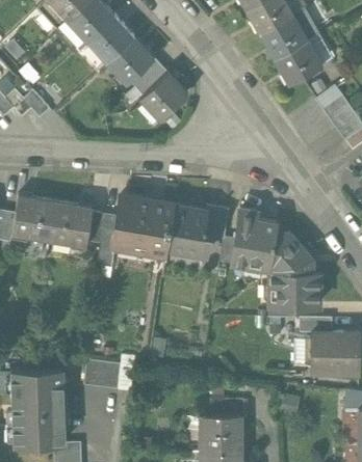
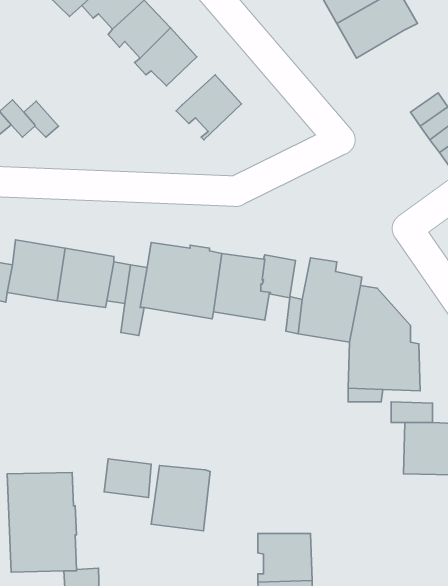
building: [274,39,324,85] -> none
building: [130,59,167,96] -> none
building: none -> [151,466,210,531]

